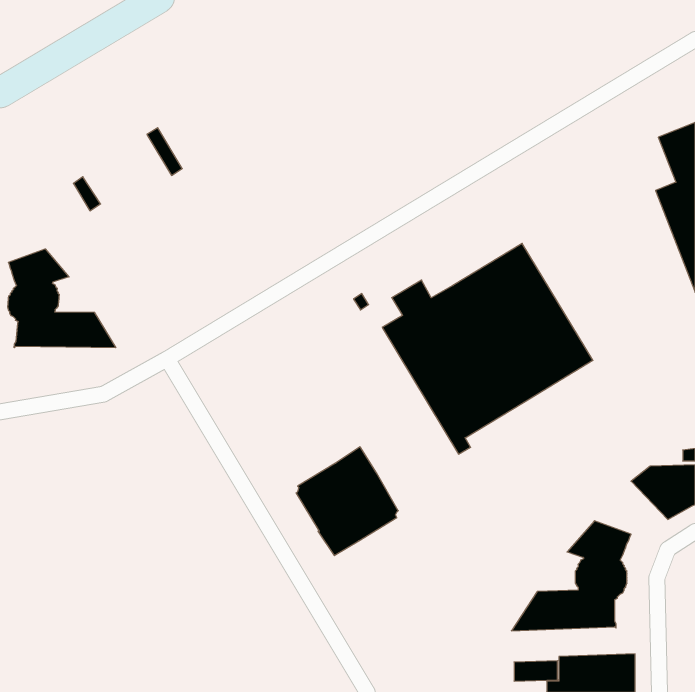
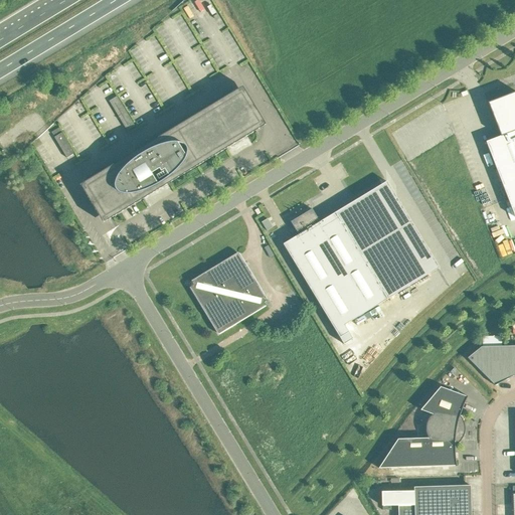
building: none -> [79,85,265,221]
building: [8,249,116,348] -> none
building: [296,447,398,556] -> [190,251,266,332]

